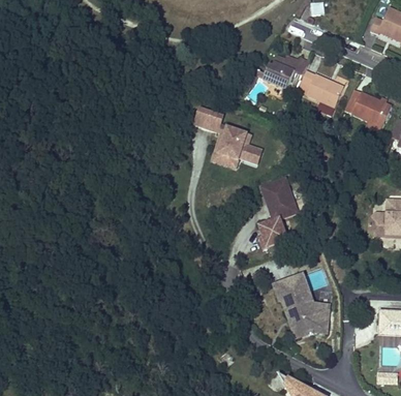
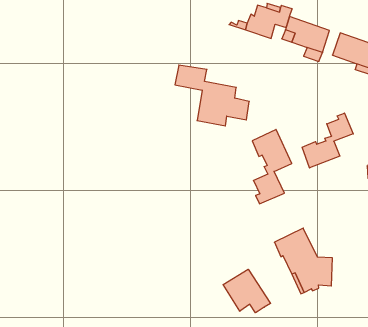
building: none -> [302,113,353,168]
building: none -> [223,269,271,313]

